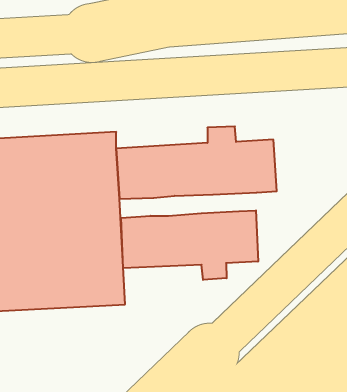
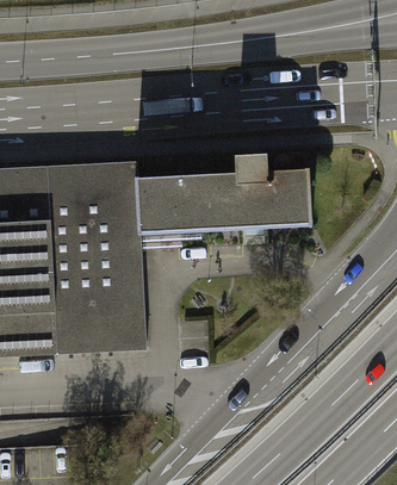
building: [121,210,258,280] -> none

